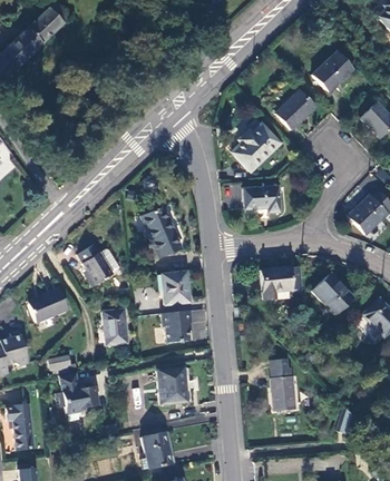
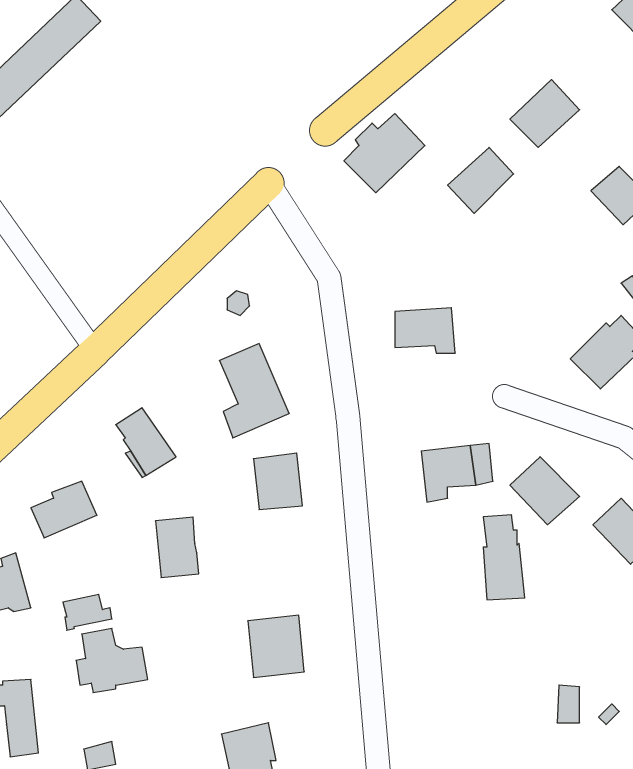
building: [232,124,280,170] -> [344,114,425,193]
building: [160,311,192,343] -> none
building: [271,359,295,409] -> [483,515,525,600]

